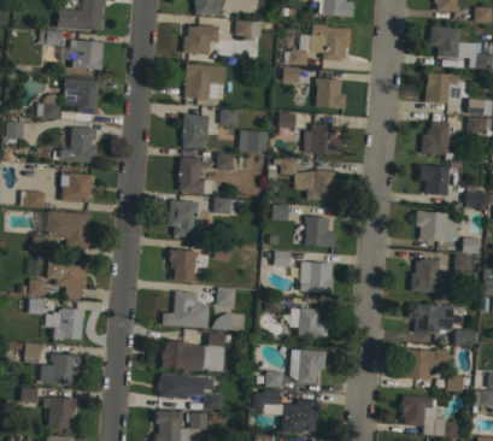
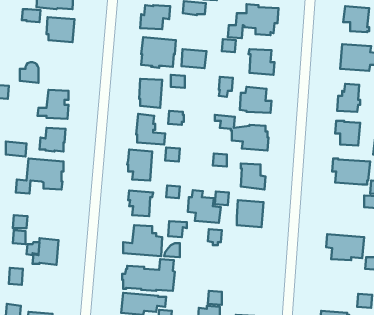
building: [64,78,99,114] -> none
building: [239,130,269,153] -> [182,49,206,68]
building: [47,257,87,300] -> none
building: [411,259,439,293] -> none
building: [289,300,329,340] -> [188,190,221,223]
building: [404,348,450,381] -> none
building: [289,349,327,383] -> none
building: [51,353,81,384] -> none

